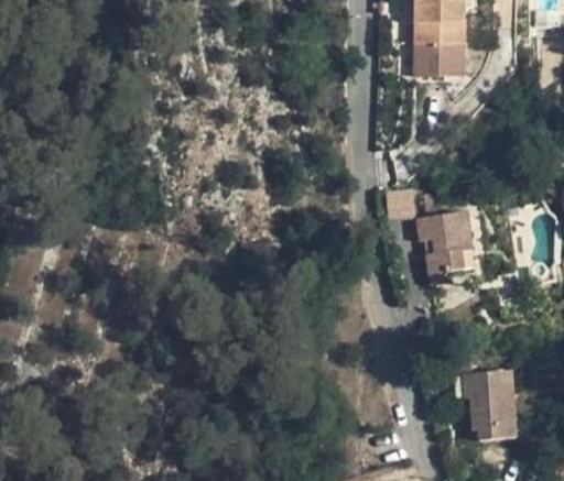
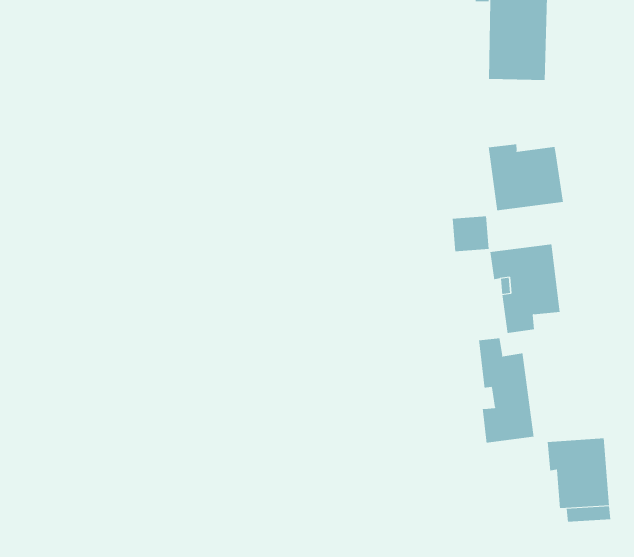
building: none -> [488,144,563,211]
building: none -> [478,338,534,443]

